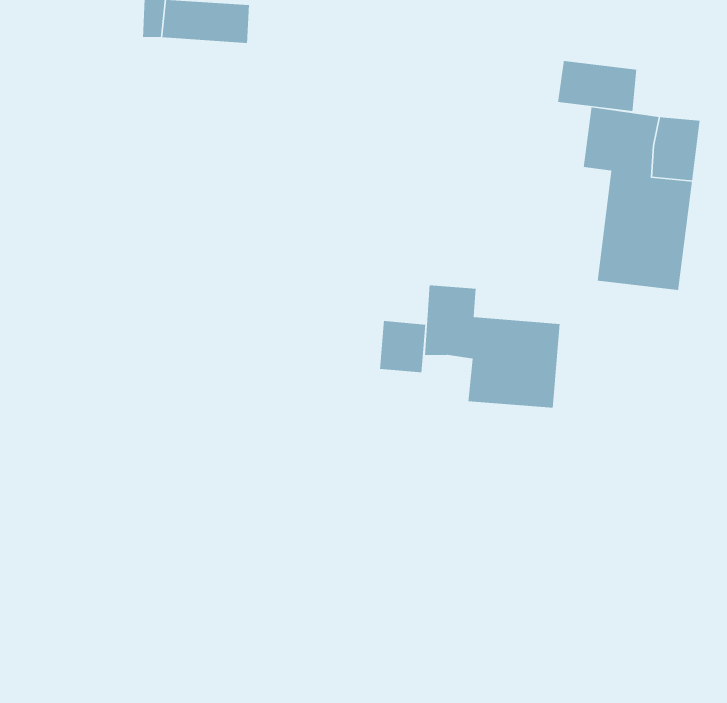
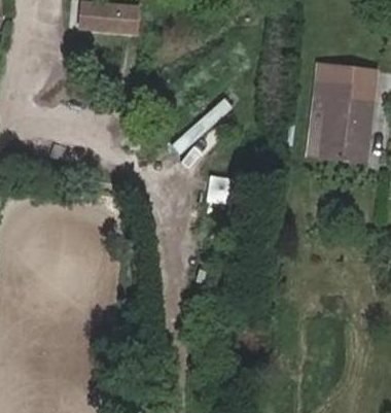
building: [557,60,637,112] -> none
building: [424,284,561,409] -> none

